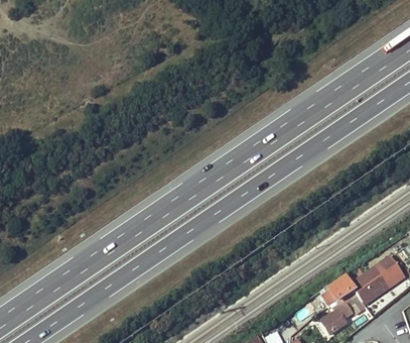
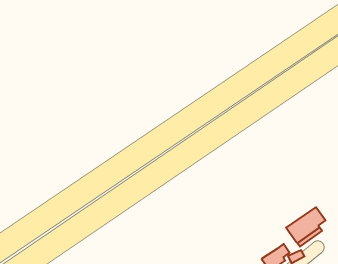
building: [321,275,354,304] -> none

